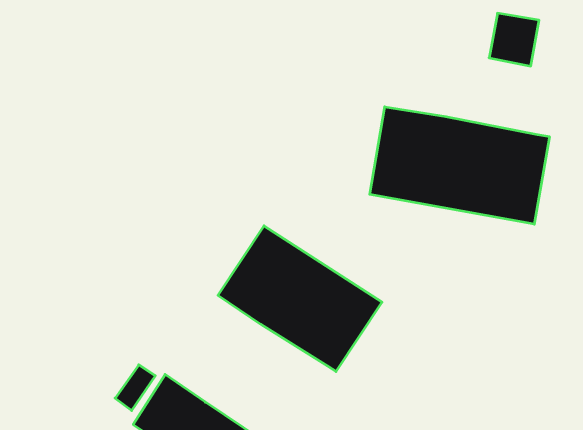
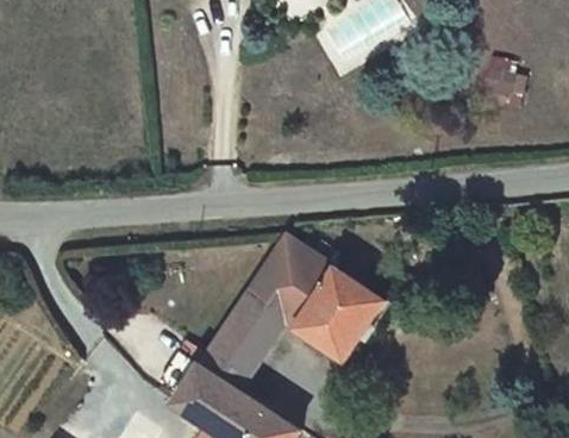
building: [370,107,549,224] -> none
building: none -> [201,294,283,386]

